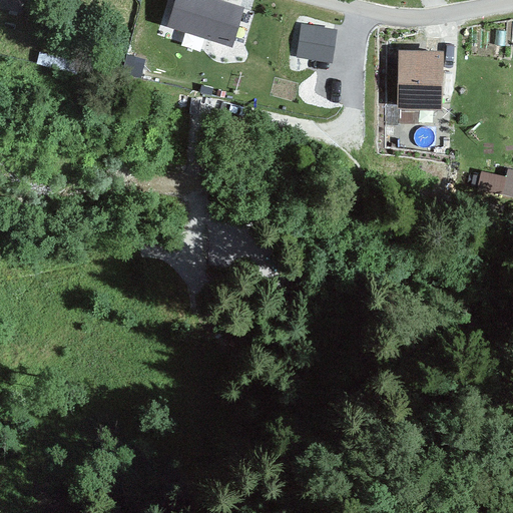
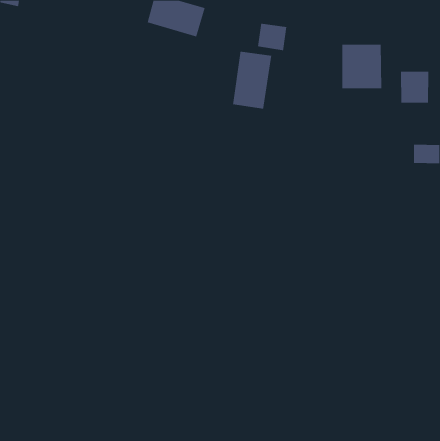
building: none -> [232,51,272,109]
building: none -> [400,71,429,103]

